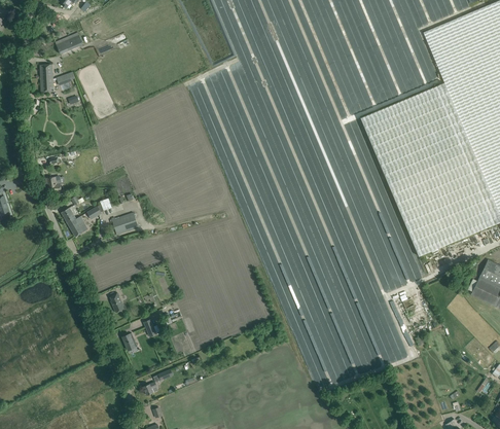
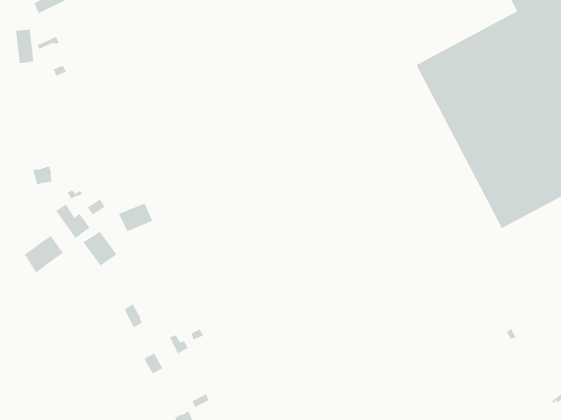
building: none -> [82,231,117,267]
building: none -> [24,235,64,274]

